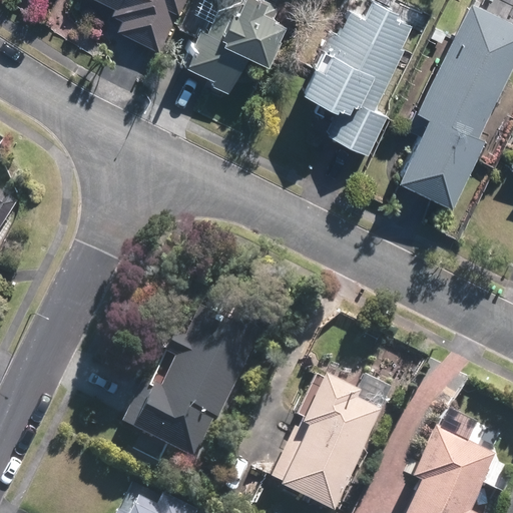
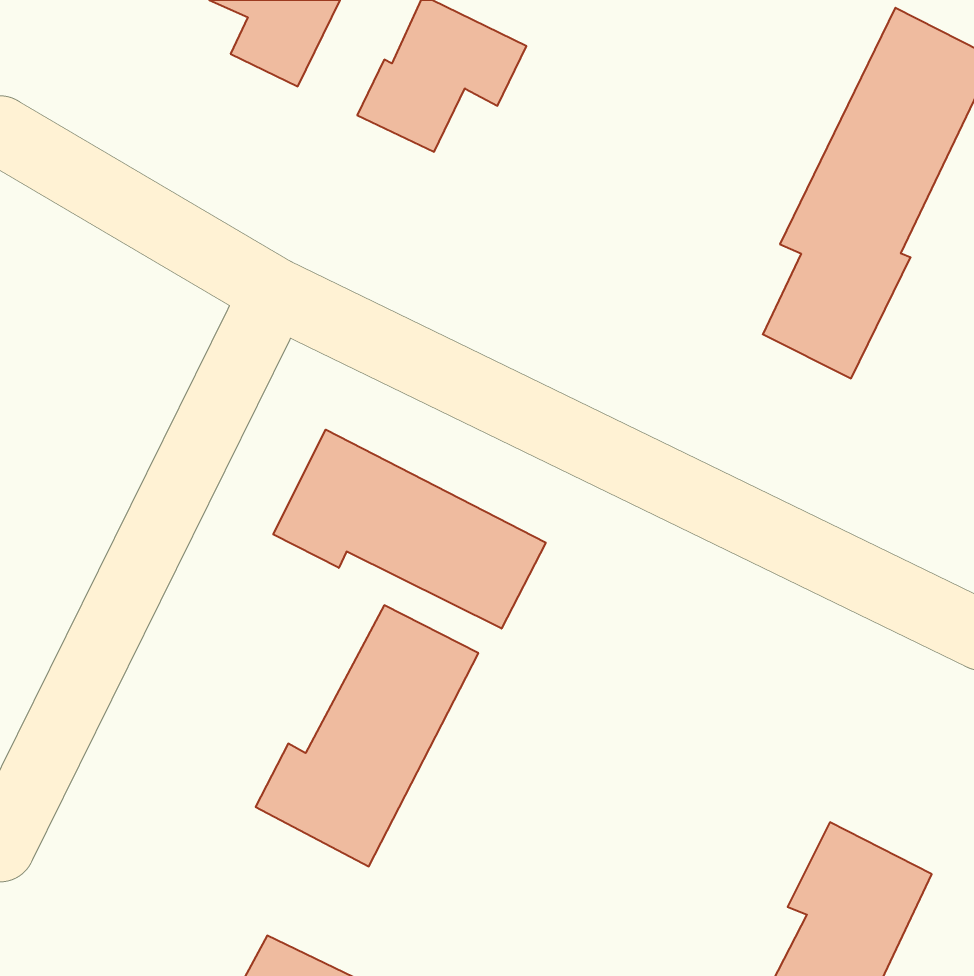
building: [310,11,409,150] -> none
building: none -> [273,430,546,629]
building: [279,384,377,507] -> none

